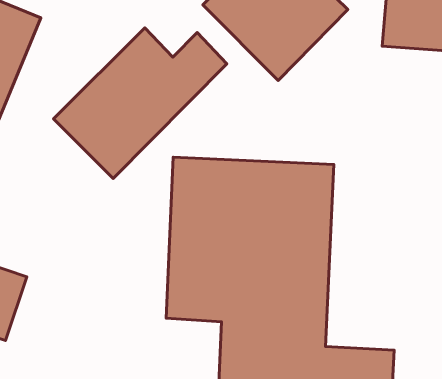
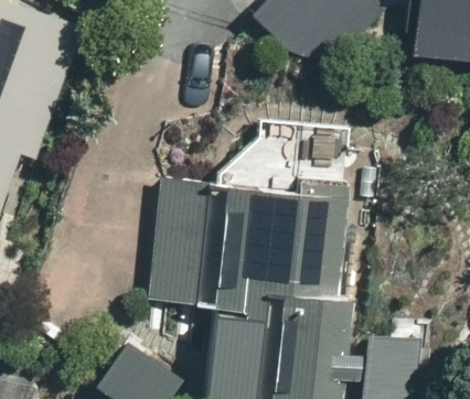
building: [53,28,227,179] -> none

